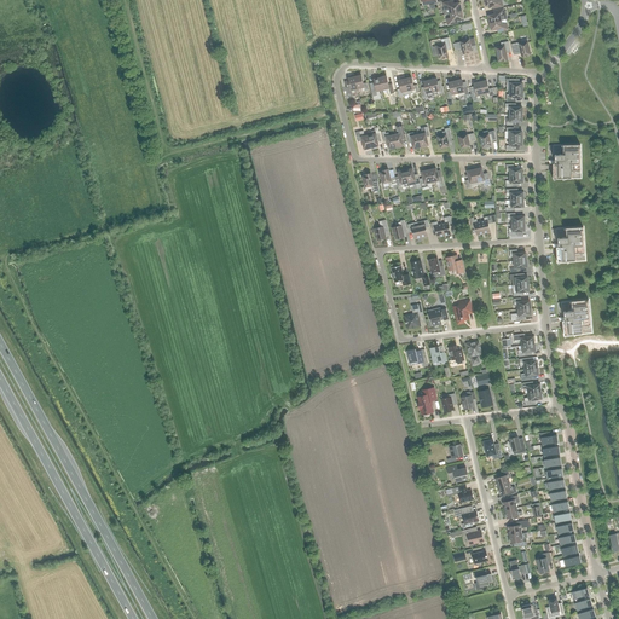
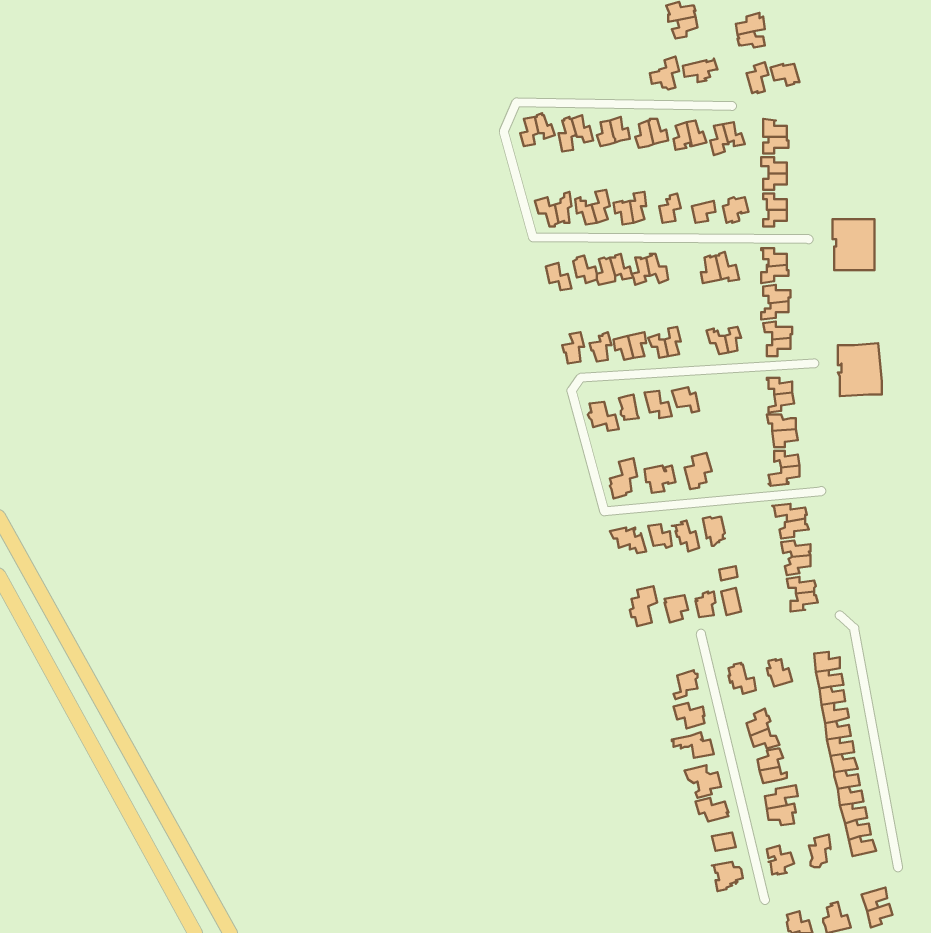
building: [560,300,591,336] -> none

